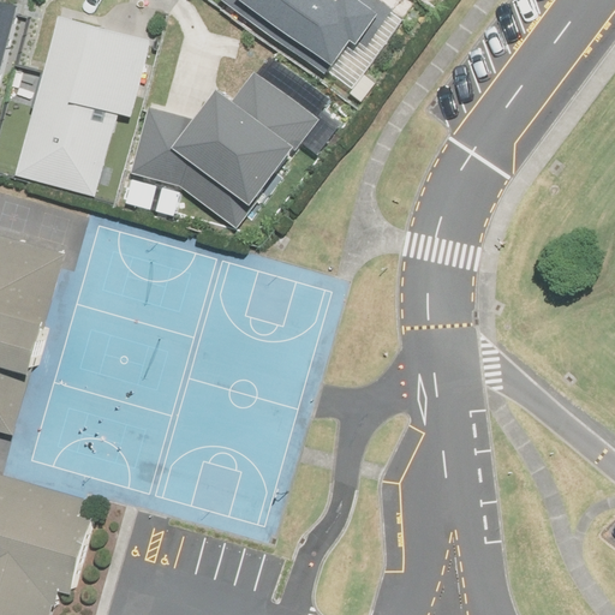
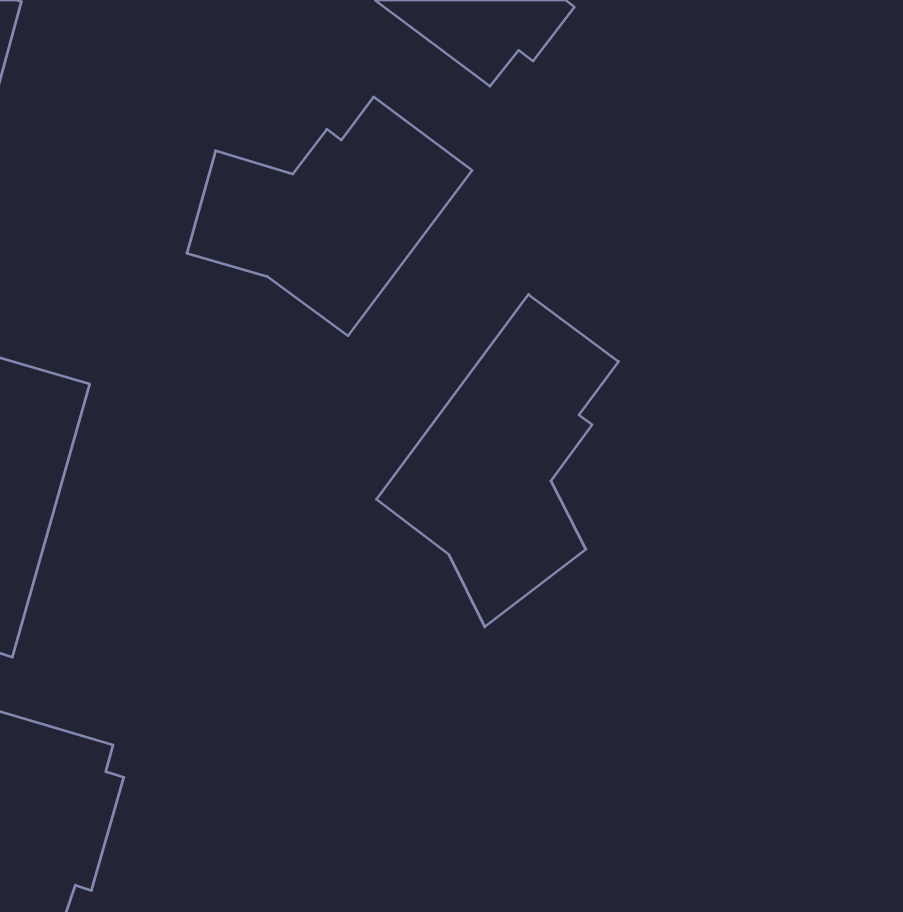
building: [10,13,149,195] -> none
building: none -> [376,294,619,627]

